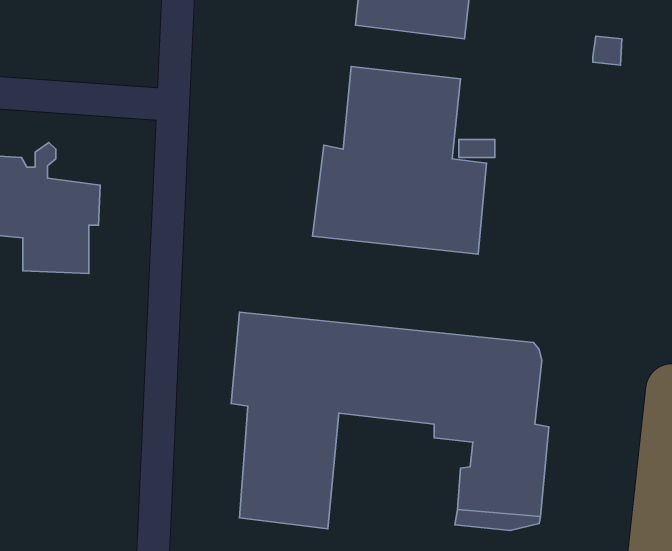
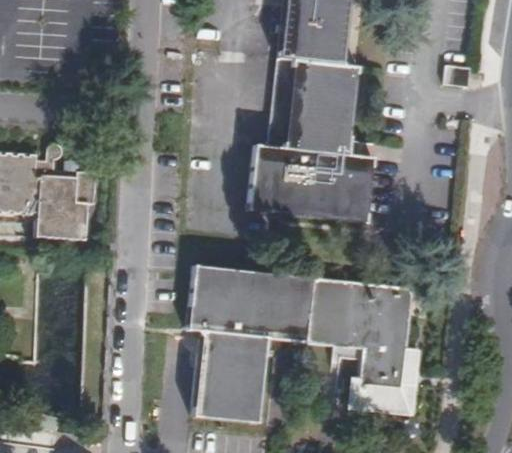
building: none -> [275,57,357,96]

